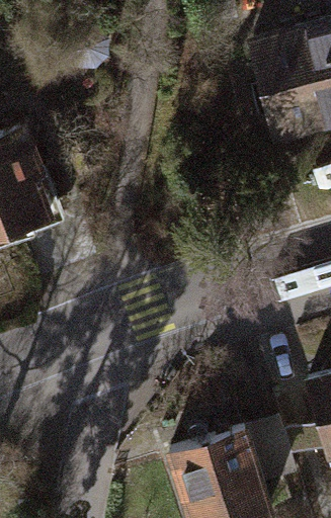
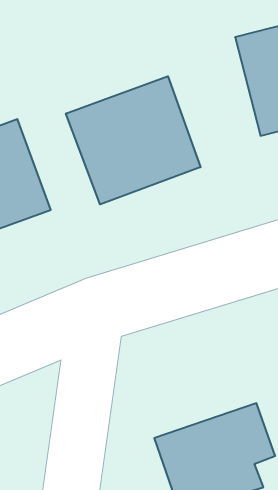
building: none -> [66,76,201,204]

